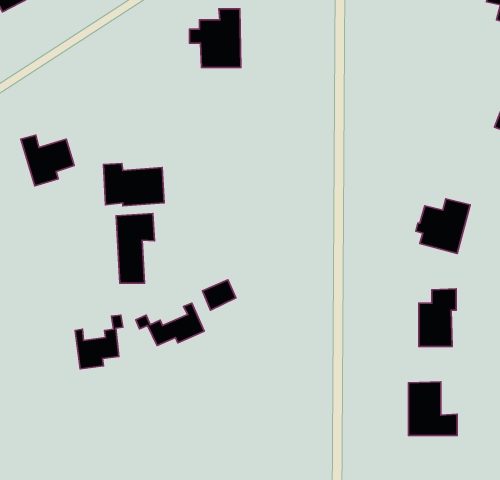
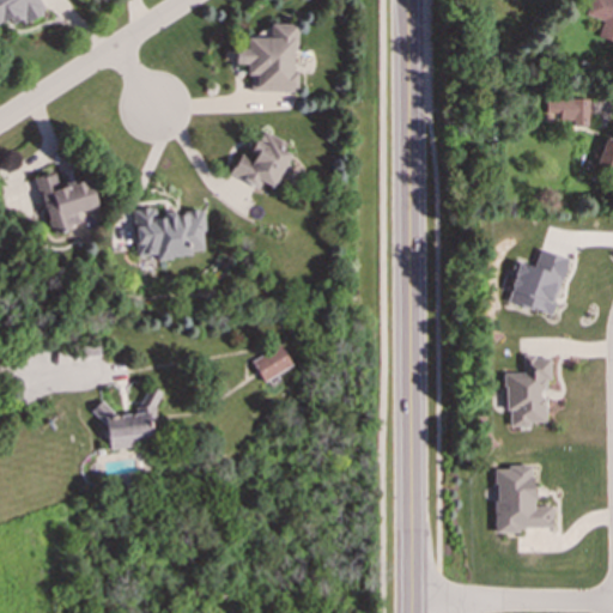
building: none -> [548,96,591,131]
building: none -> [232,131,293,188]
building: [116,214,154,283] -> none
building: [136,303,204,346] -> none

